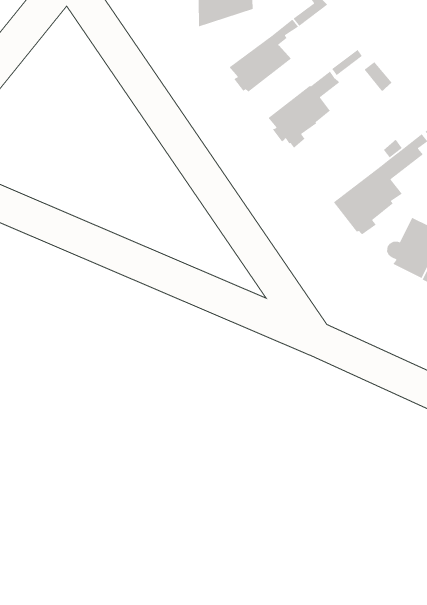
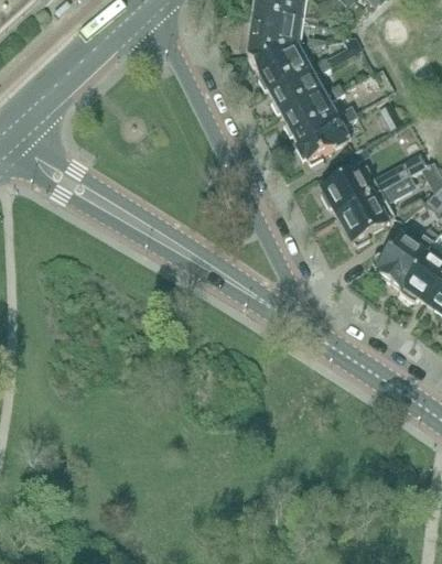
building: none -> [248,40,309,84]
building: none -> [282,75,346,130]
building: none -> [321,159,381,207]

